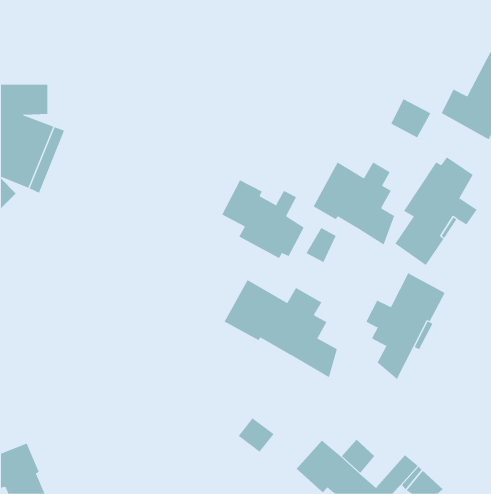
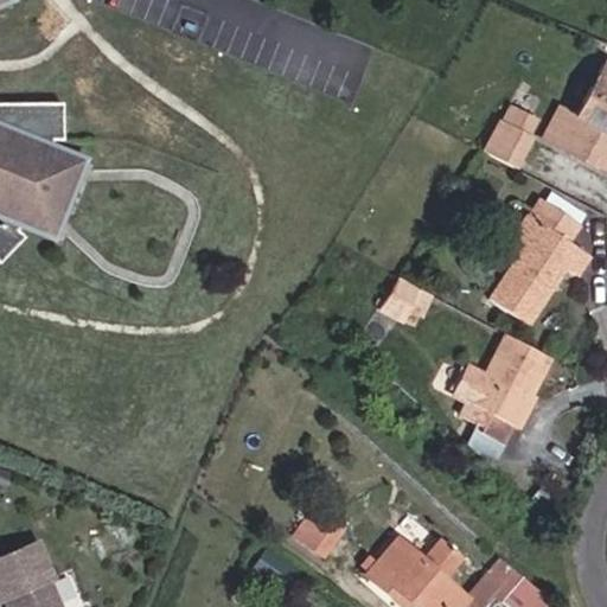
building: [313,161,395,246] -> none
building: [221,179,305,259] -> none
building: [224,279,338,378] -> none

